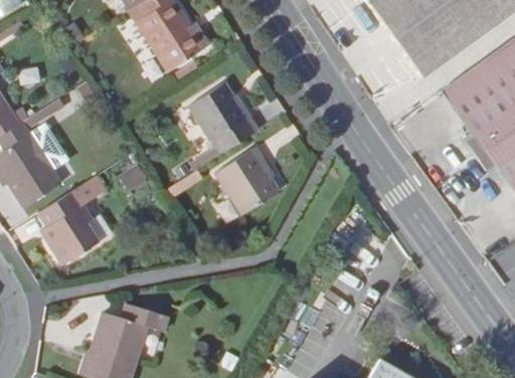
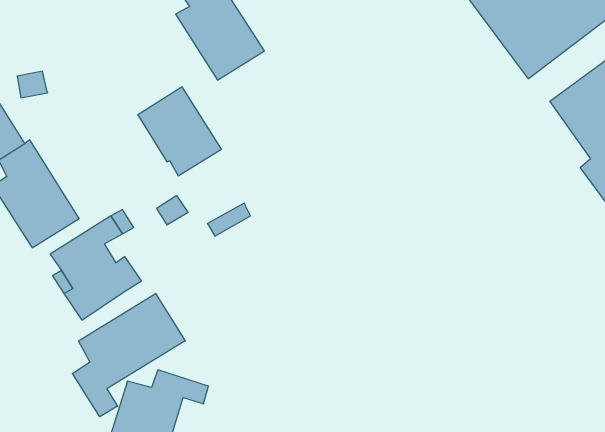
building: [193,81,260,152] -> [138,87,221,176]
building: [219,145,284,215] -> none
building: none -> [72,293,185,417]

